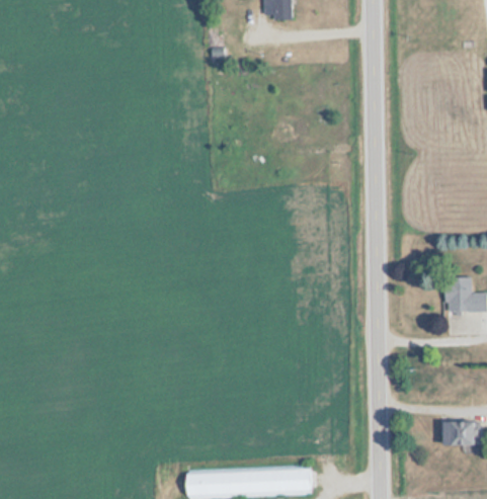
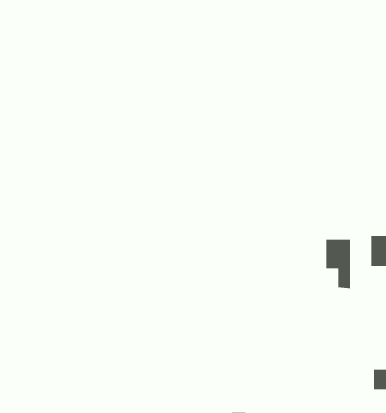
building: none -> [325,239,351,289]

